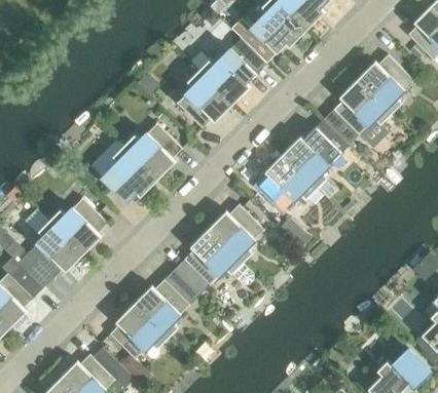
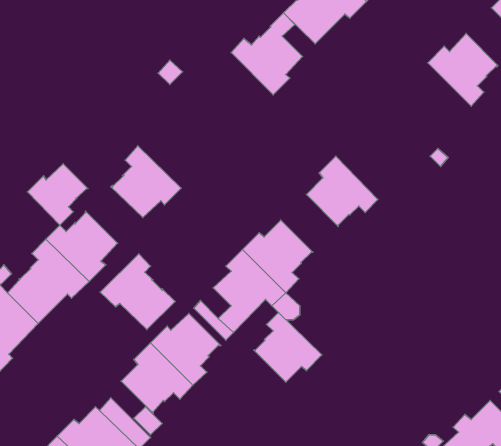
building: [176,70,232,127] -> none
building: [333,78,392,134] -> none
building: [283,119,349,188] -> none
building: [123,123,182,179] -> none
building: none -> [28,164,88,225]
building: none -> [100,254,175,329]
building: none -> [254,313,322,382]

